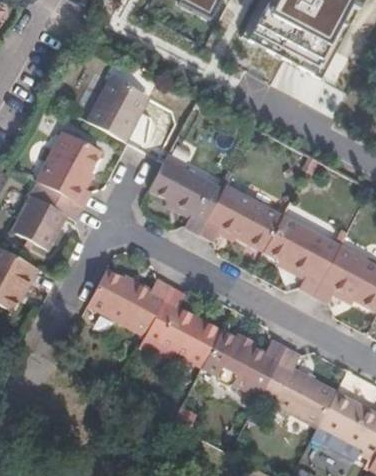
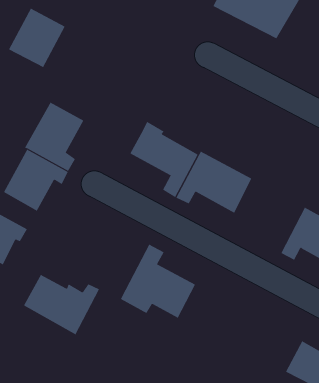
building: [87,77,149,142] -> [8,8,66,68]
building: [263,214,339,295] -> none
building: [87,269,170,335] -> [23,274,100,335]
building: [202,329,286,398] -> none
building: [272,368,336,428] -> none

